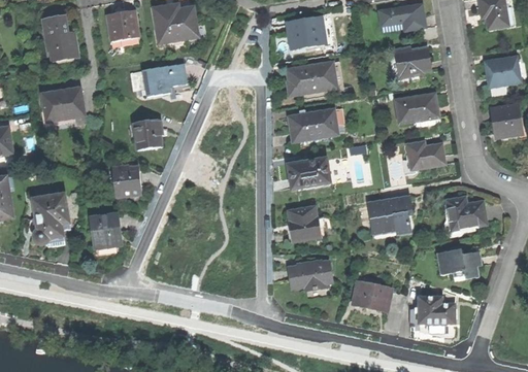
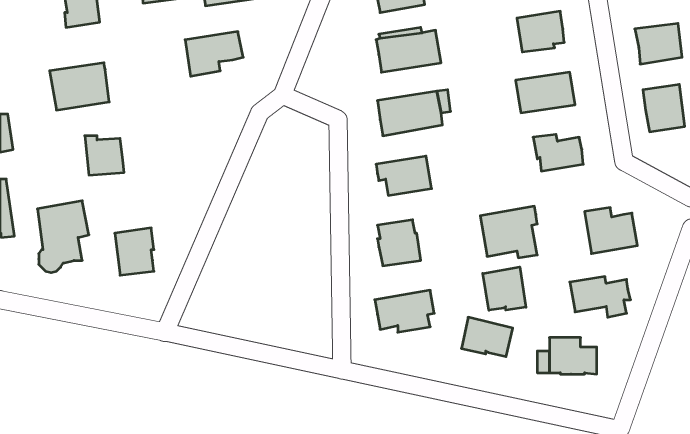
building: [133,120,162,150] -> none
building: [111,166,141,196] -> [85,136,124,175]
building: none -> [483,267,526,310]

